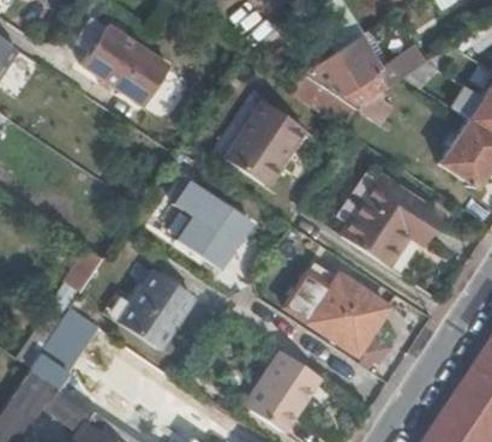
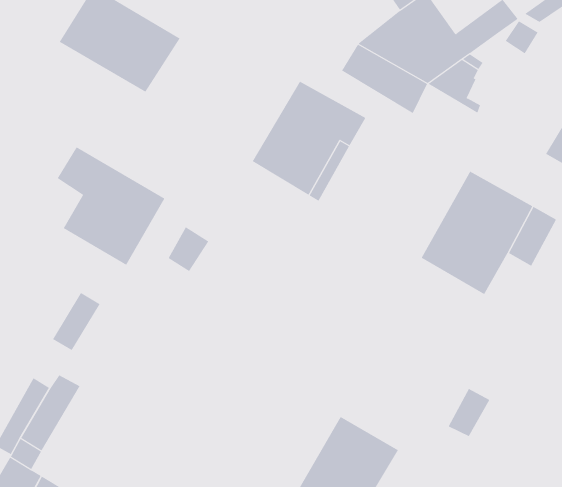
building: [174,178,253,268] -> [57,146,165,265]
building: [114,270,192,350] -> none
building: [286,273,389,353] -> none

